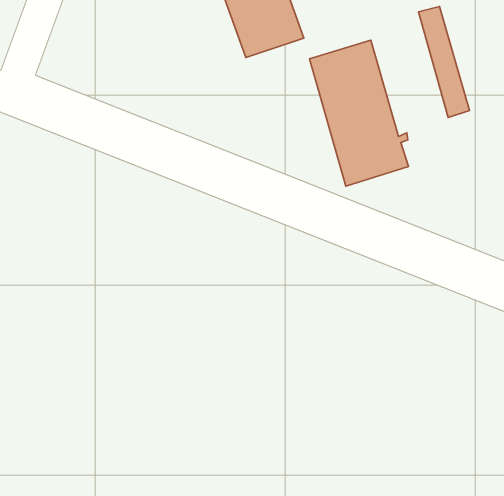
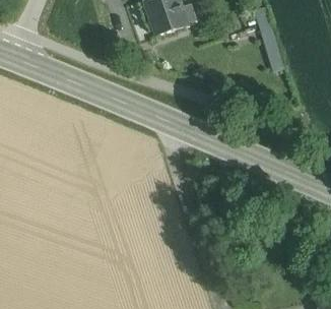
building: [310,40,408,186] -> none

